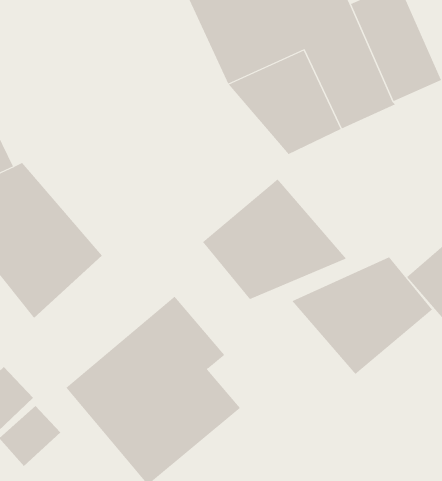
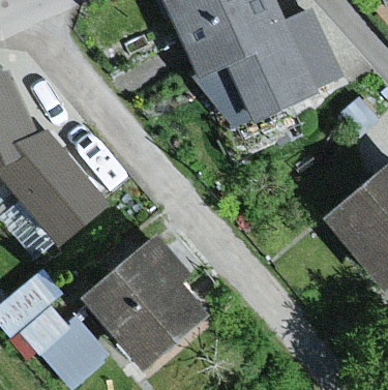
building: [202,179,347,300] -> none
building: [291,256,433,375] -> none

